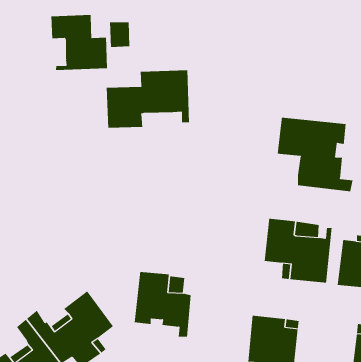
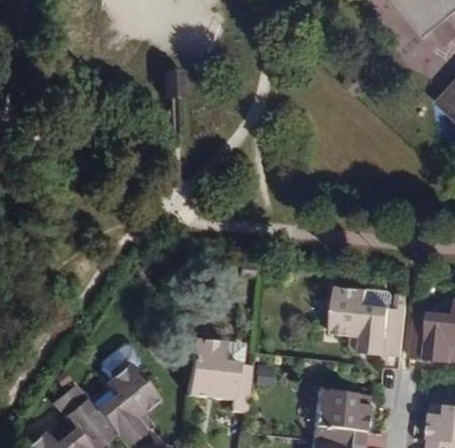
building: [51,14,107,71] -> none
building: [106,70,190,129] -> none
building: [277,117,353,192] -> none

